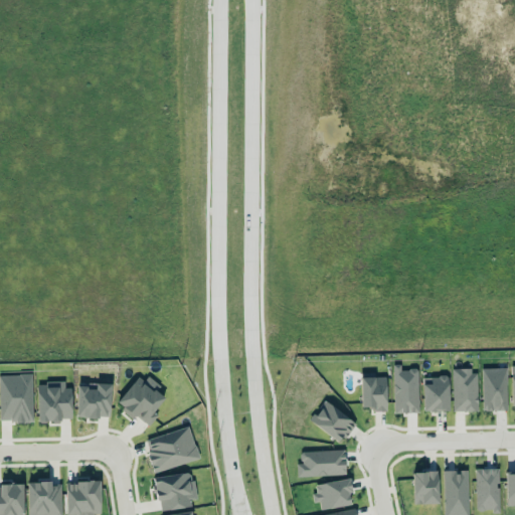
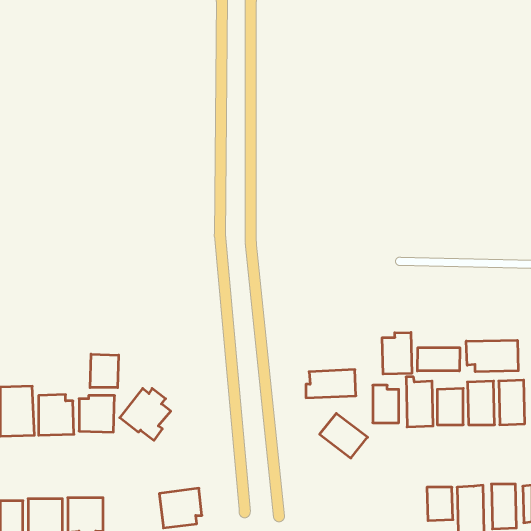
building: none -> [382,332,412,374]
building: none -> [466,340,518,372]
building: none -> [417,348,460,371]
building: none -> [90,354,119,388]
building: [145,427,199,472] -> none
building: [298,450,346,477] -> [306,370,356,398]
building: [312,479,353,510] -> none

